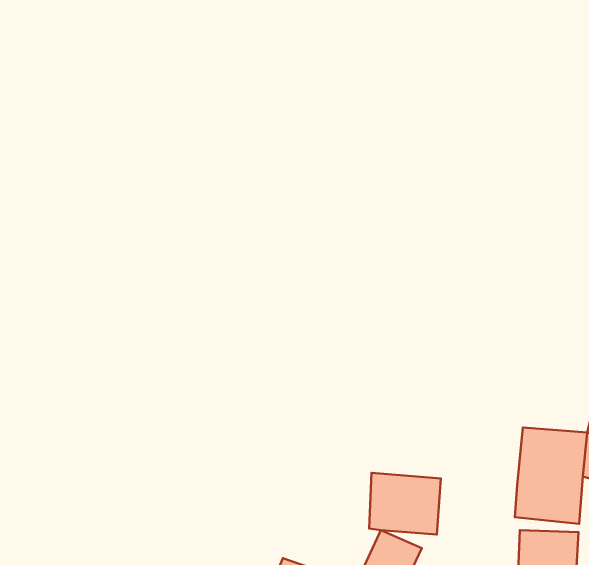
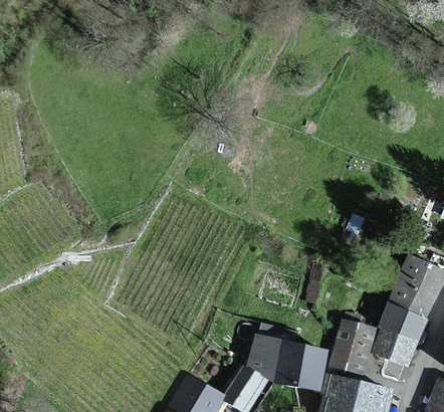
building: none -> [278,342,332,392]

